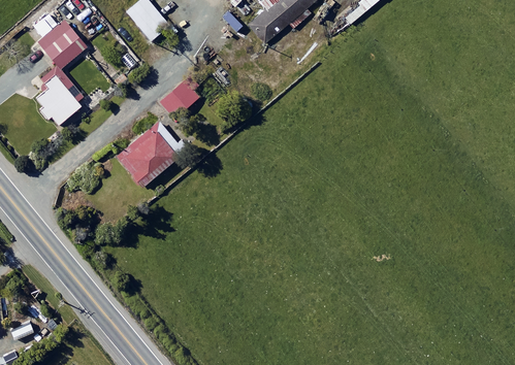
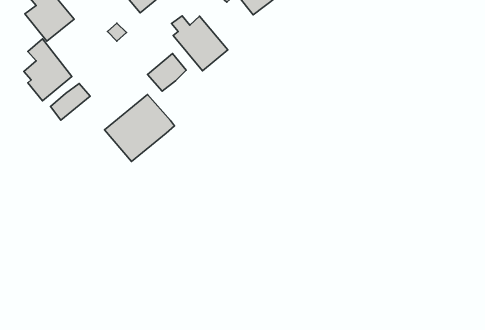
building: none -> [172,16,228,71]
building: none -> [50,83,90,120]

